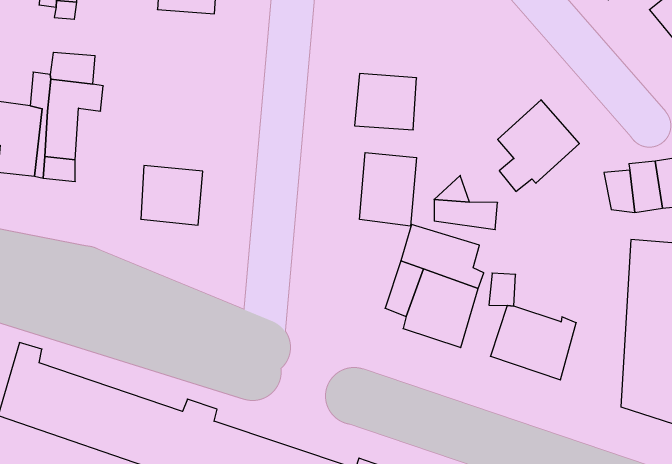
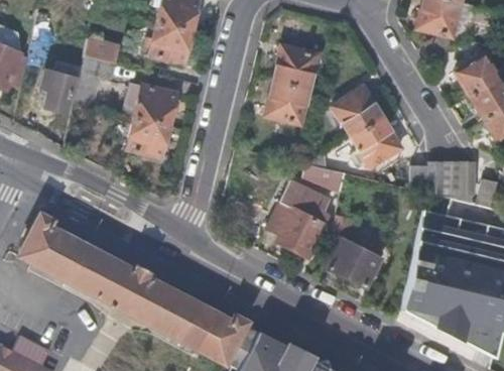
building: none -> [149,23,192,64]
building: none -> [274,49,316,90]
building: none -> [333,85,382,135]
building: none -> [123,81,176,126]
building: [360,153,417,226] -> none

